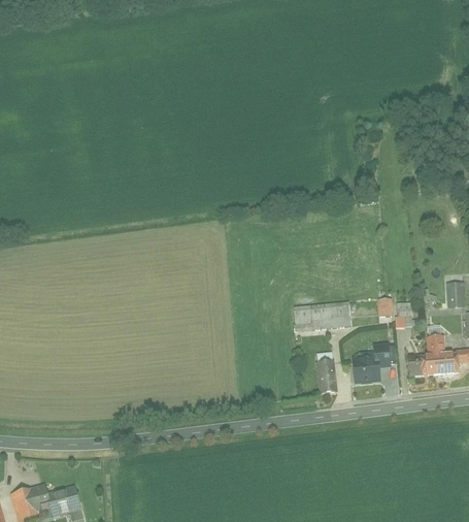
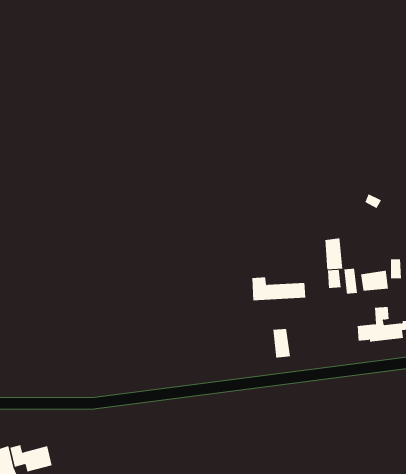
building: none -> [325,237,343,270]
building: none -> [360,270,388,292]
building: [353,348,389,380] -> none

